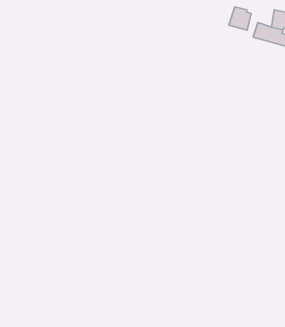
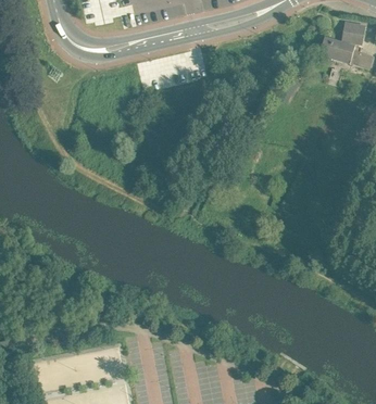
building: [229,7,251,30] -> none

